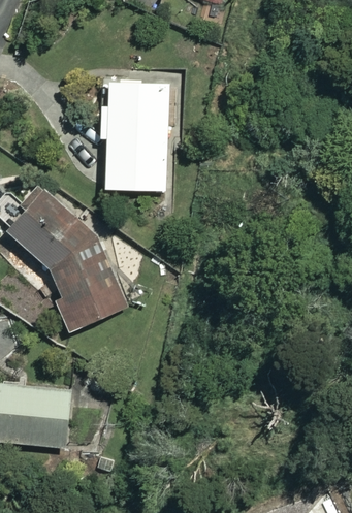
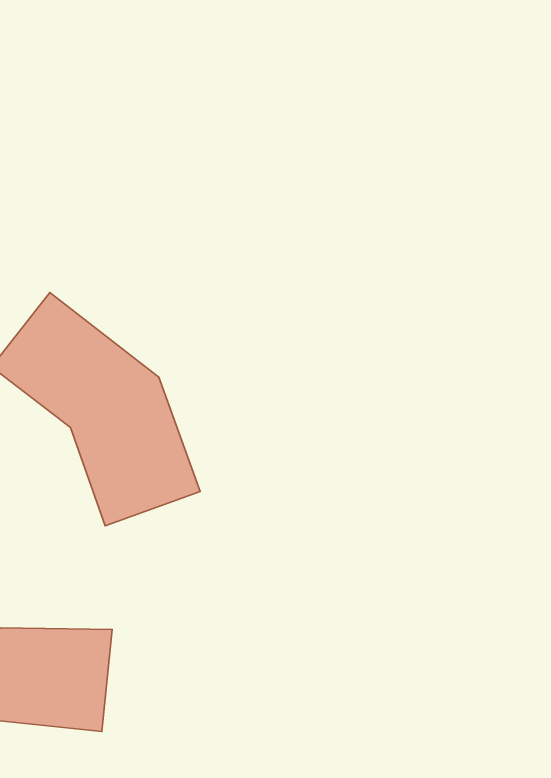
building: [103,85,168,191] -> none

